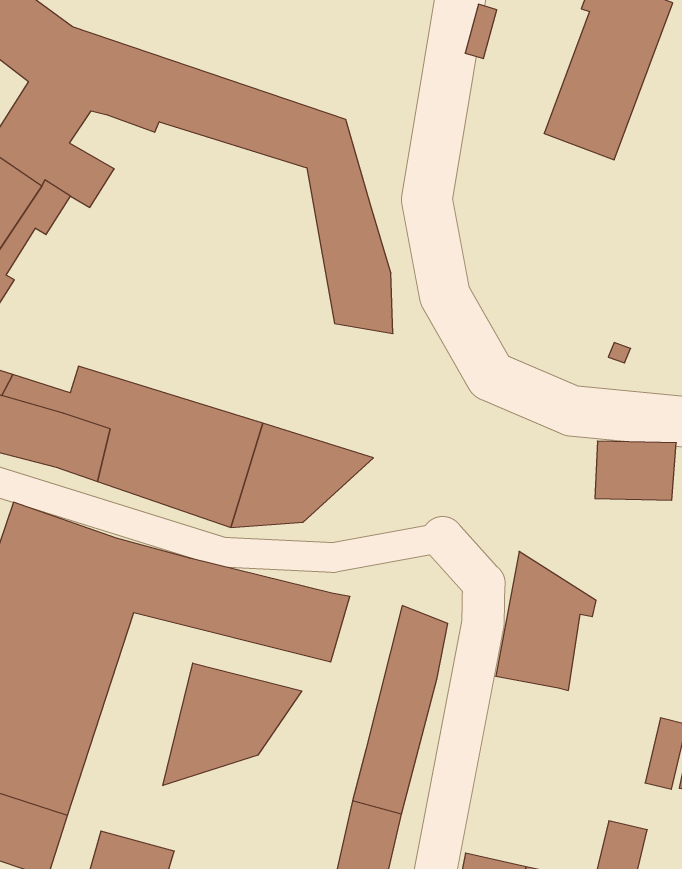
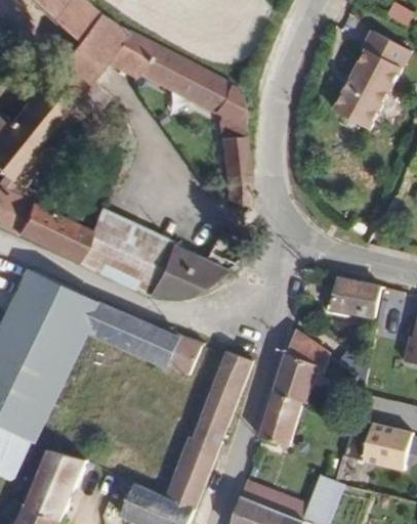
building: [163,663,302,786] -> none
building: none -> [258,390,304,447]

